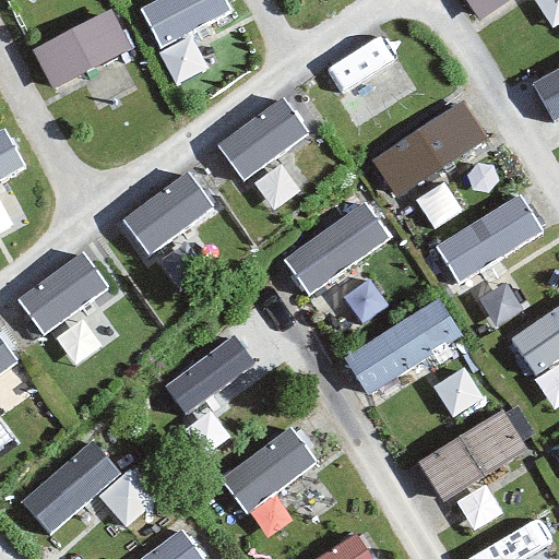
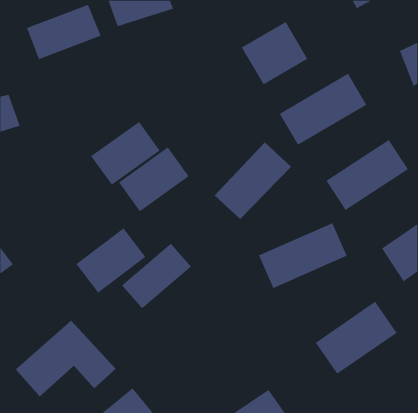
building: [214,94,309,181] -> [118,147,190,212]
building: [15,248,109,336] -> [76,227,146,294]
building: [221,424,318,514] -> none

